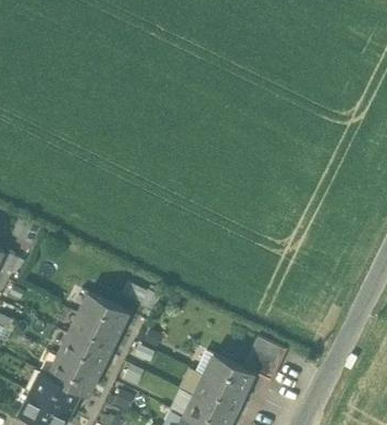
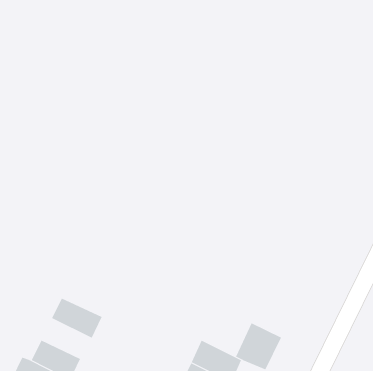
building: [79,293,128,333] -> none
building: [60,334,109,373] -> none

